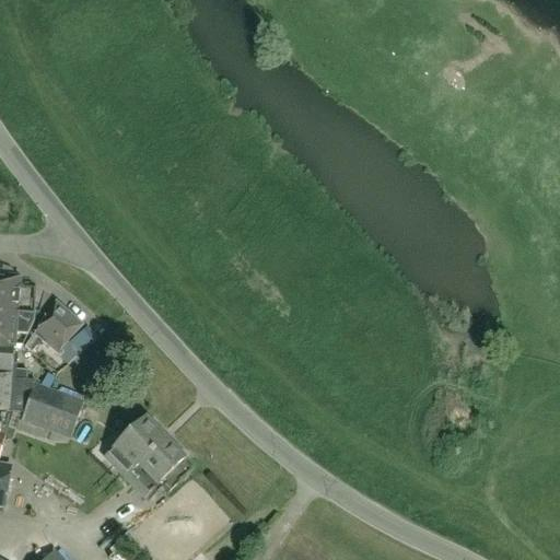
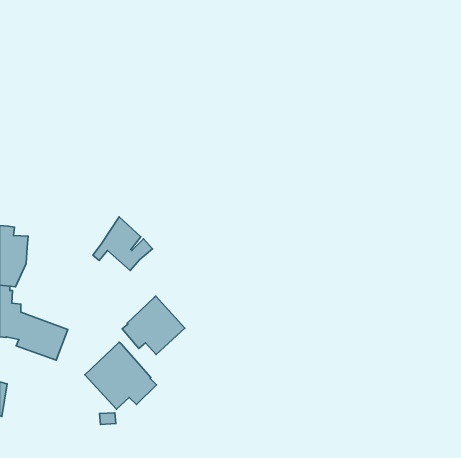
building: [23,298,95,362] -> [93,217,153,270]
building: none -> [122,296,185,355]

